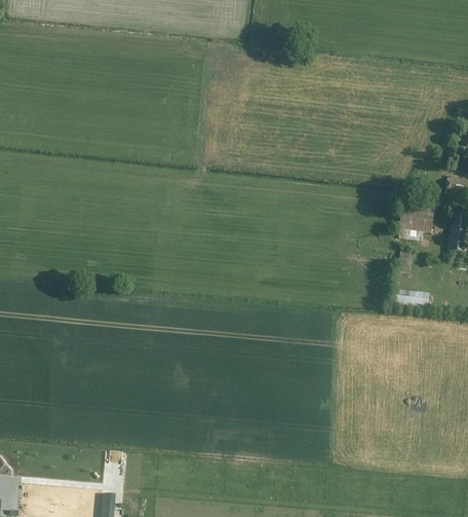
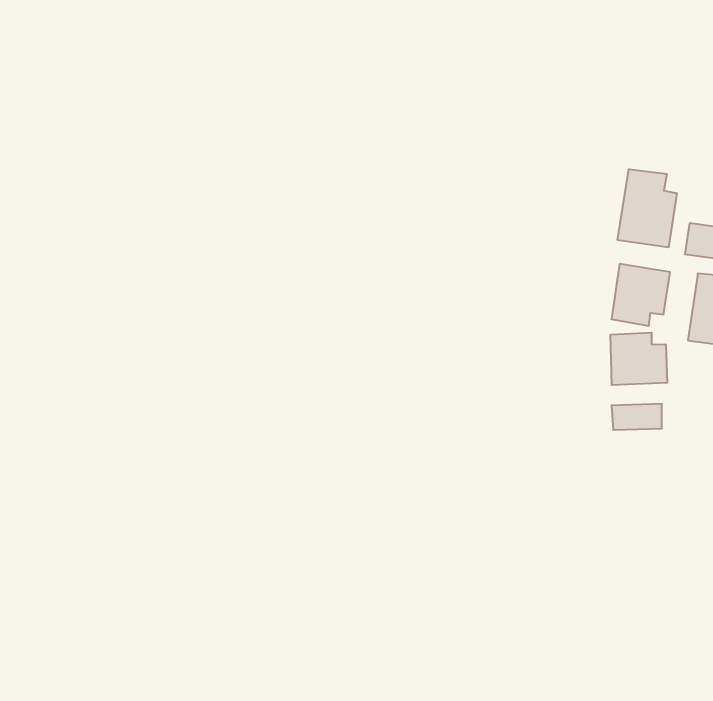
building: none -> [618,169,677,247]
building: none -> [611,333,667,385]

